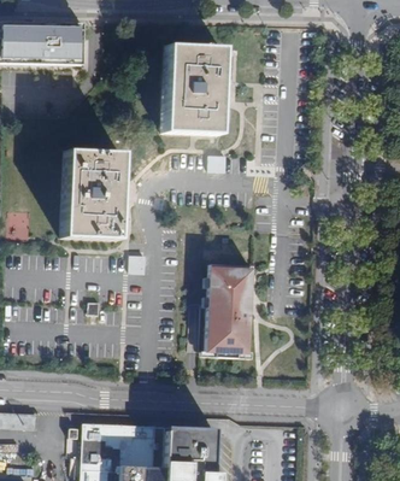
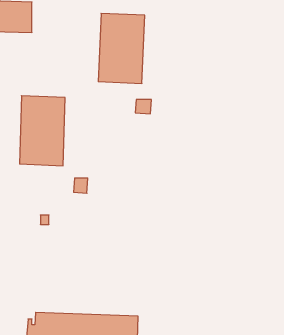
building: [204,265,249,359] -> none

